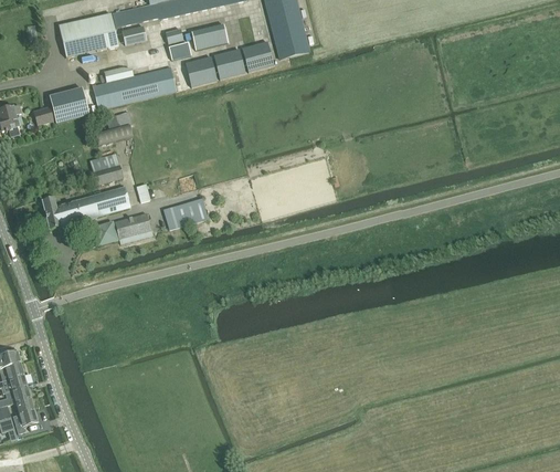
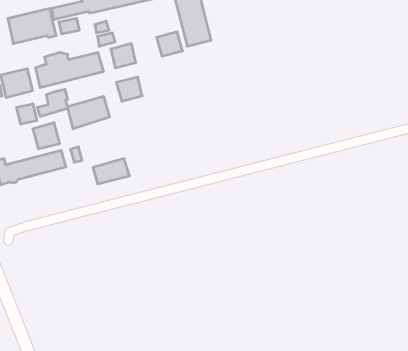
building: [191,23,228,49] -> none
building: [213,49,245,78] -> [116,77,142,101]
building: none -> [67,96,109,129]
building: none -> [17,104,37,124]
building: [115,212,152,243] -> none

